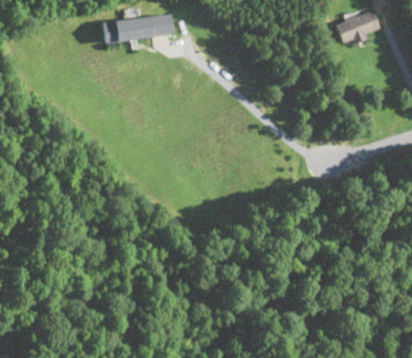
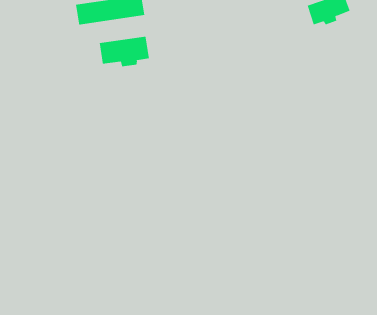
building: none -> [99,36,150,67]

